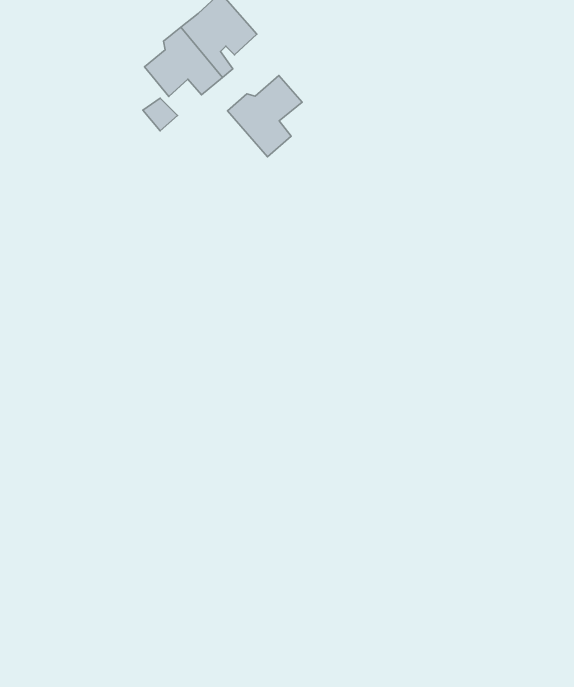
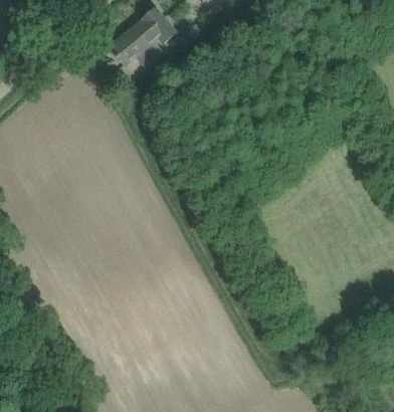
building: [228,76,302,157] -> none

